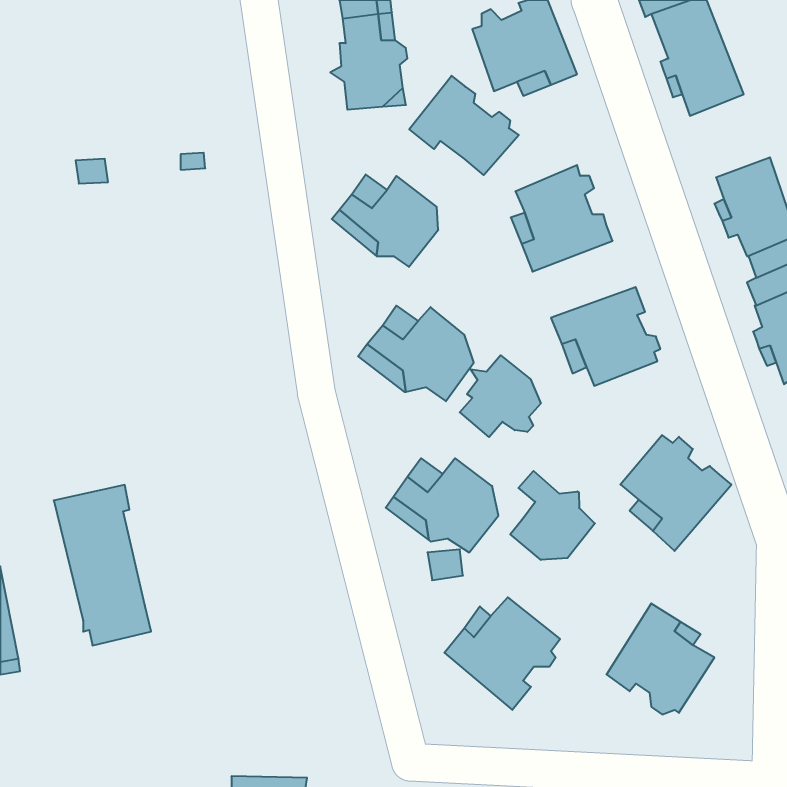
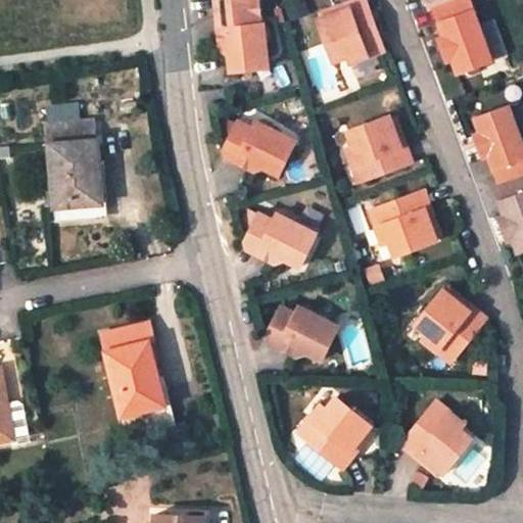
building: [409,76,519,175] -> none
building: none -> [49,123,99,222]
building: [460,355,541,437] -> none
building: [510,471,595,560] -> none
building: [54,485,151,645] -> [103,325,168,431]

